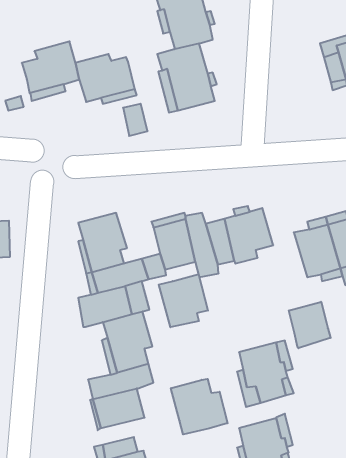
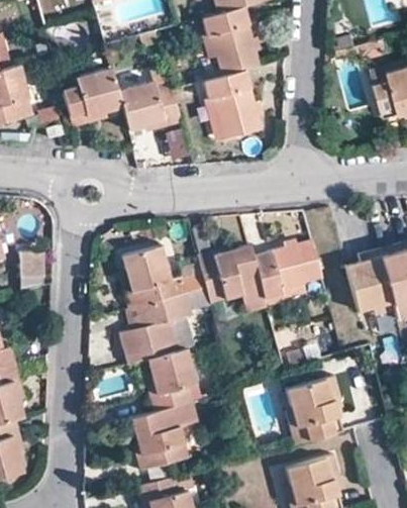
building: [159,274,208,327] -> none
building: [289,302,331,348] -> none
building: [171,379,228,434] -> none

